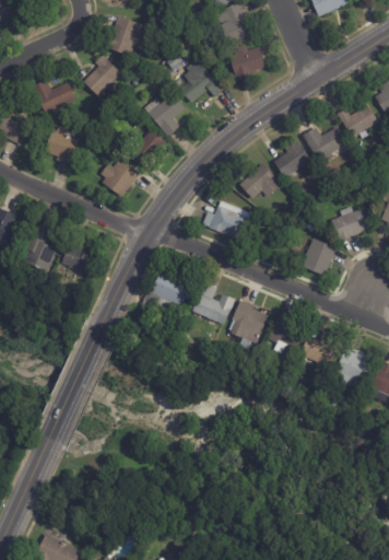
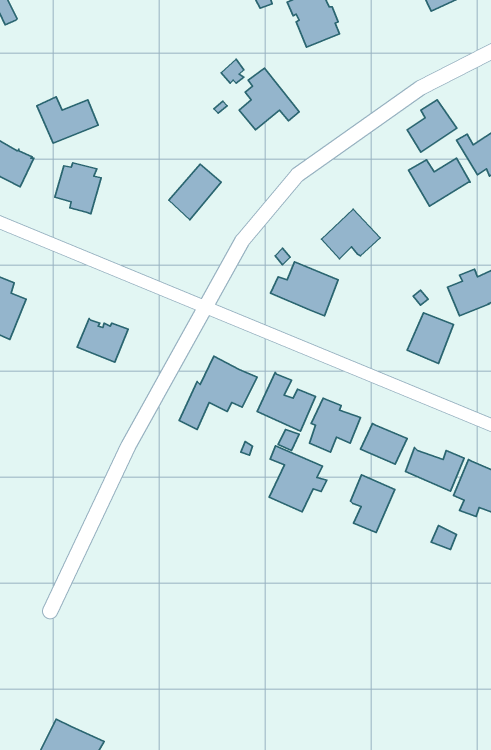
building: [107,16,145,57] -> none
building: [228,45,266,80] -> none
building: [81,56,121,100] -> none
building: [143,93,185,137] -> none
building: [275,138,311,176] -> [407,100,457,152]
building: [99,159,140,198] -> none
building: [24,223,56,272] -> none
building: none -> [269,446,327,512]
building: none -> [351,475,395,532]

